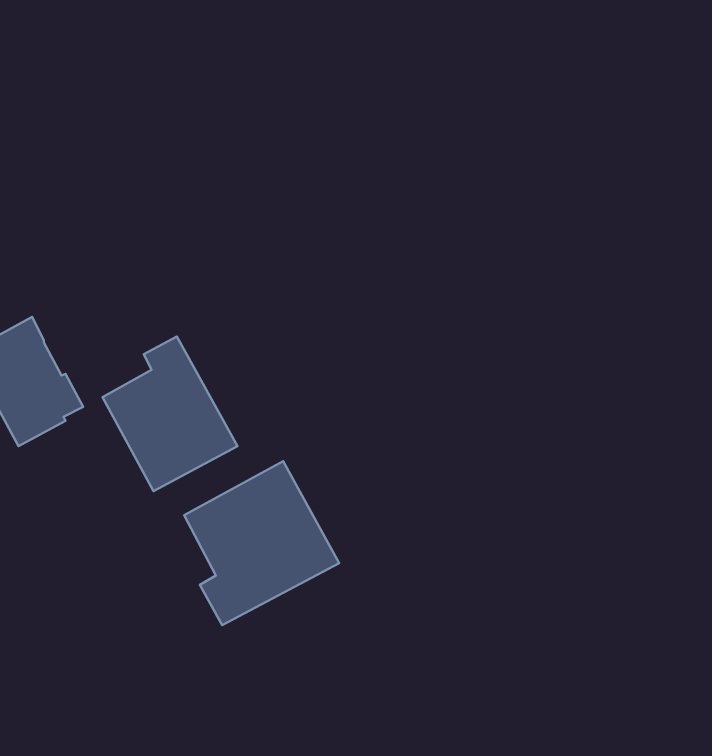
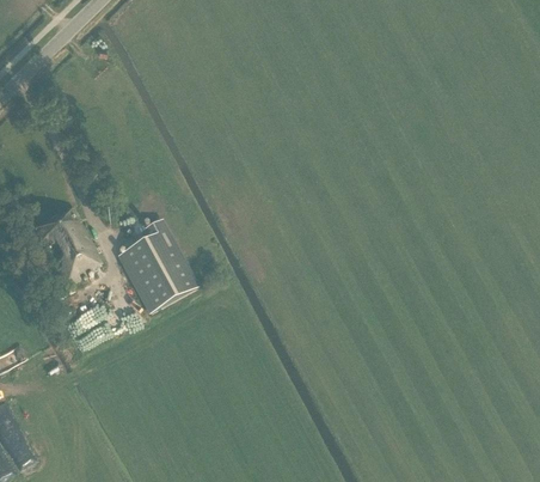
building: [184,461,339,625] -> none

